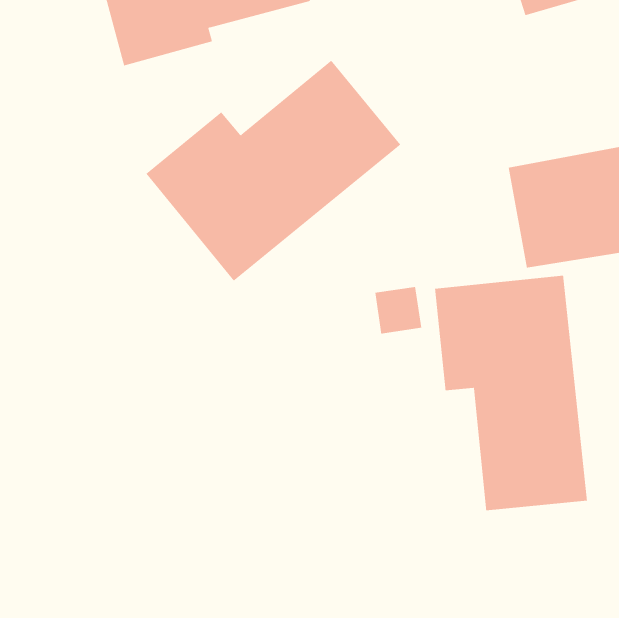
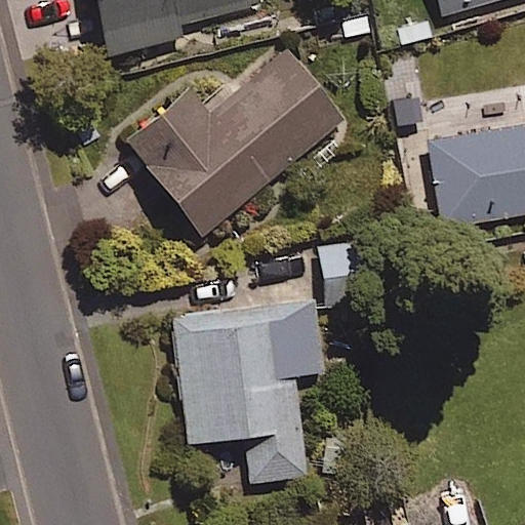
building: [435,275,587,511] -> none
building: none -> [174,301,325,480]

